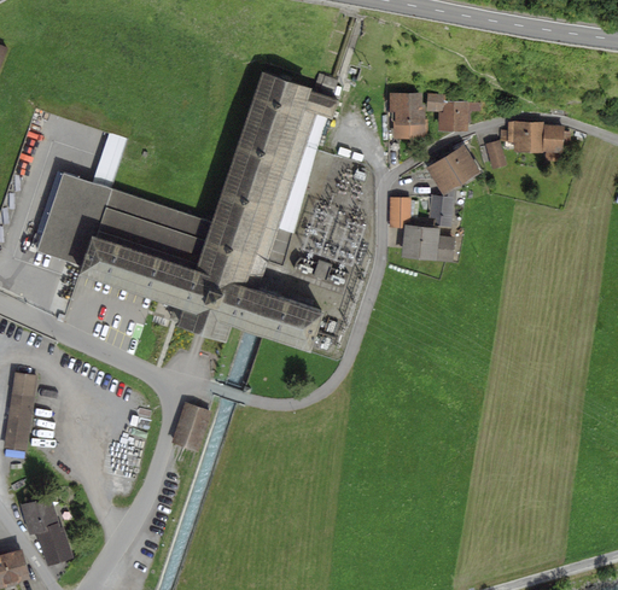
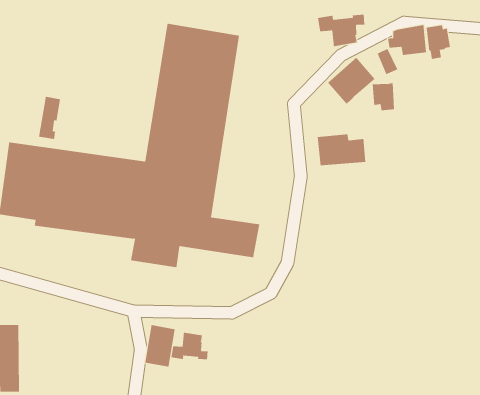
building: [389,92,427,138] -> none
building: [427,193,454,226] -> [372,83,395,111]
building: [387,195,410,227] -> none
building: none -> [171,332,208,360]

